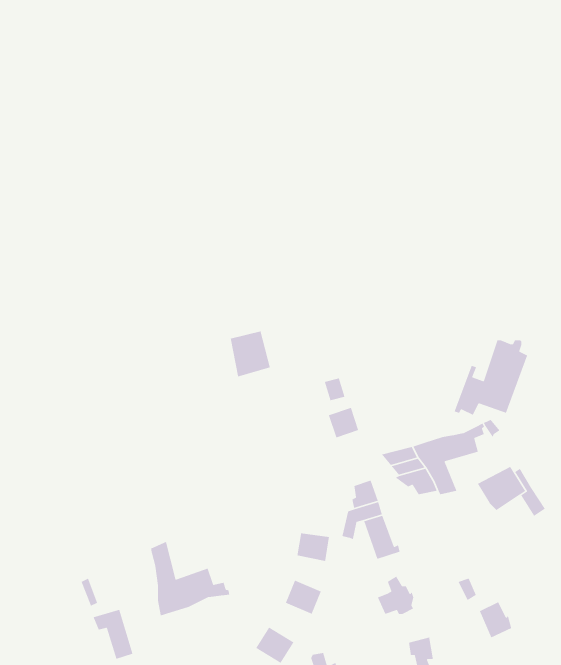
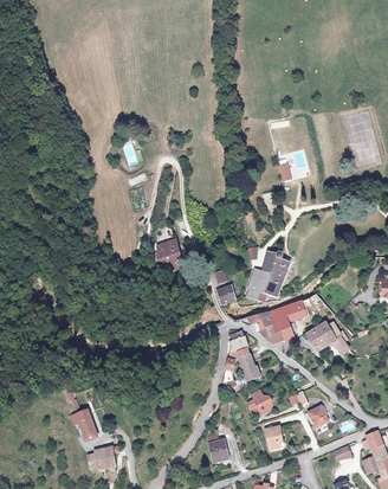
building: [454,339,528,416] -> [245,255,290,301]
building: [150,541,230,616] -> none

